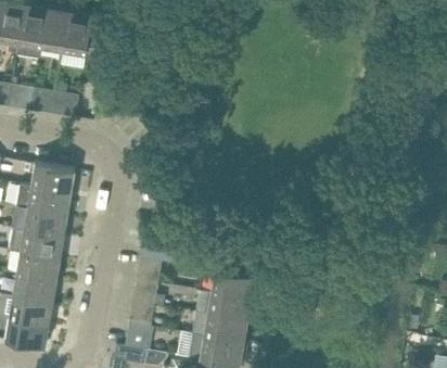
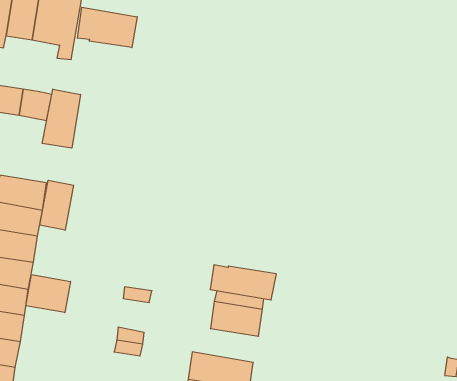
building: none -> [78,7,137,48]
building: none -> [42,89,80,148]
building: none -> [40,180,74,230]
building: none -> [26,275,70,313]
building: [196,291,252,320] -> [210,265,276,300]

